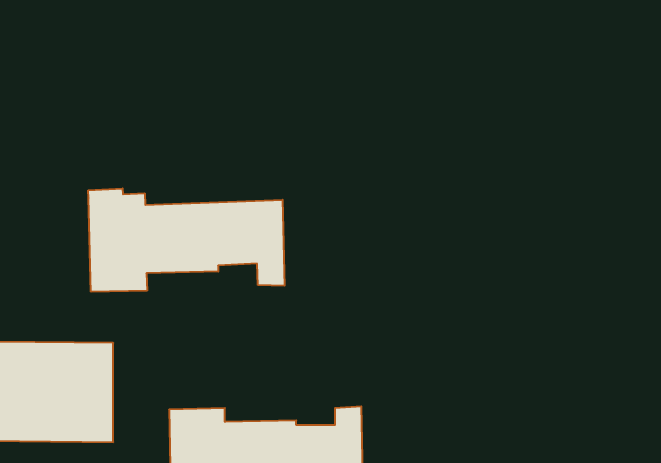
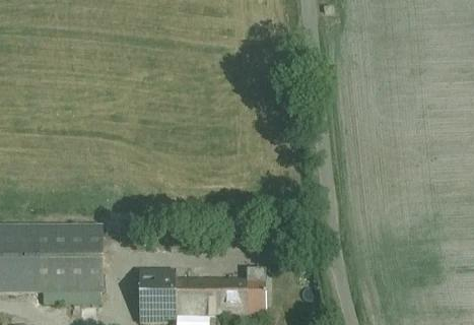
building: [88,188,285,292] -> none

